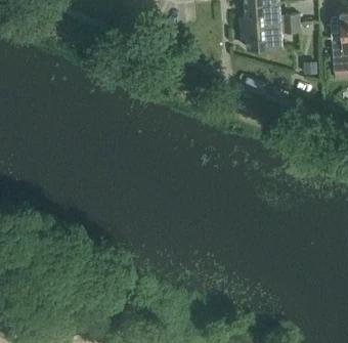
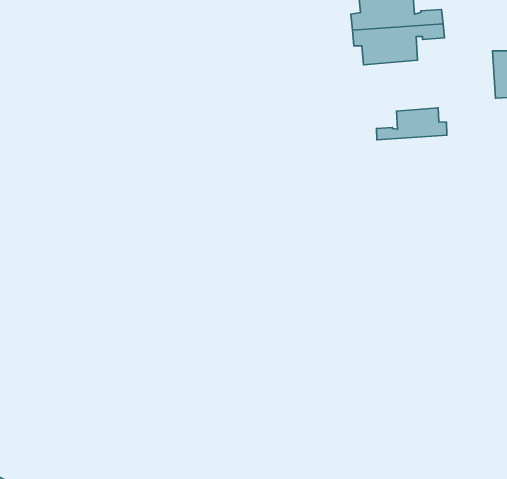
building: none -> [376,108,447,140]

